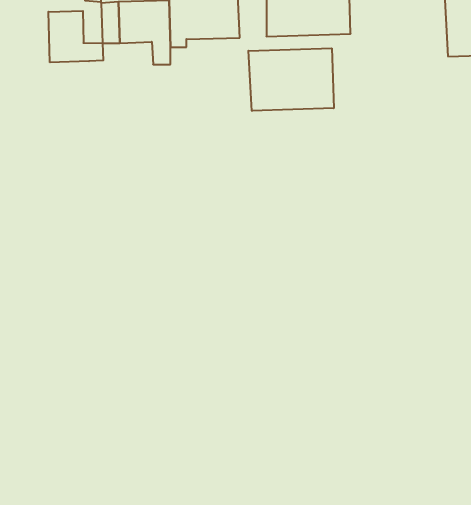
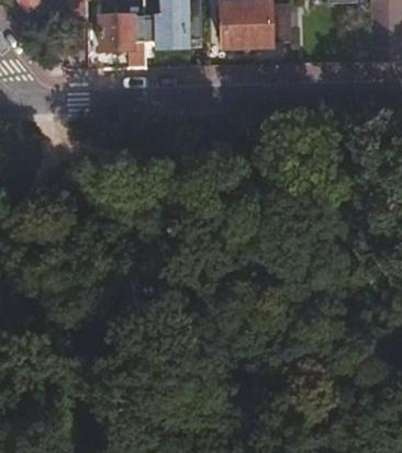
building: [48,11,103,62] -> none
building: [248,48,334,111] -> none

